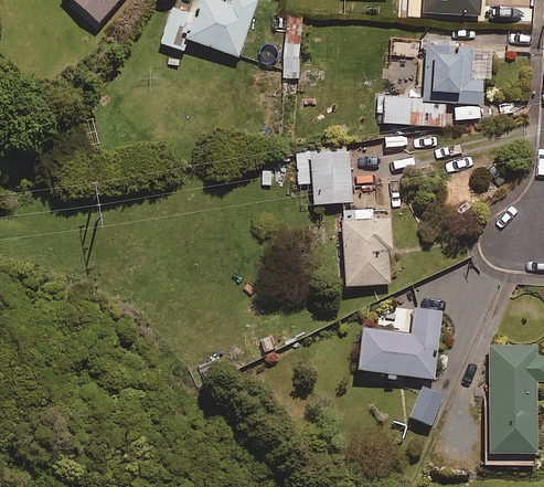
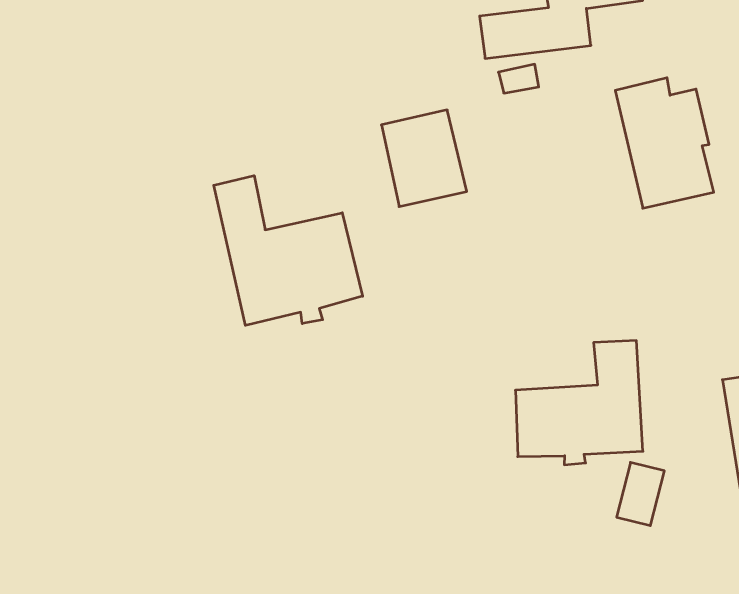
building: none -> [214,176,363,325]
building: [341,209,393,286] -> [615,78,714,208]

